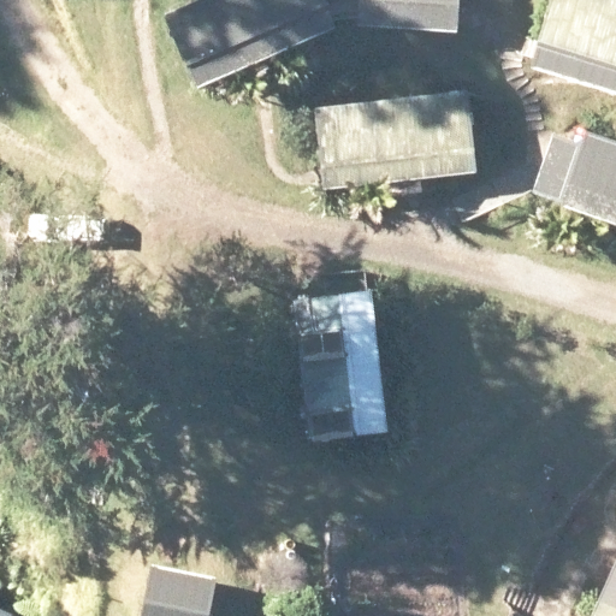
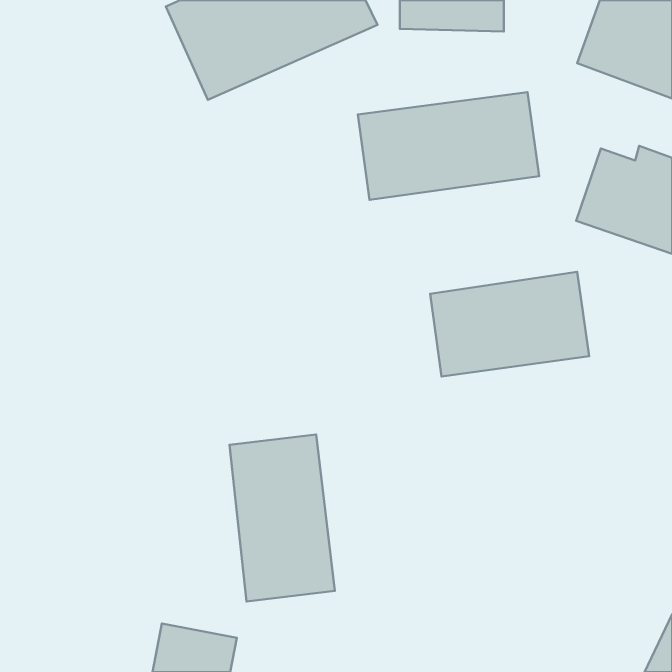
building: none -> [430,272,589,377]
building: [292,291,389,444] -> [229,434,335,601]

